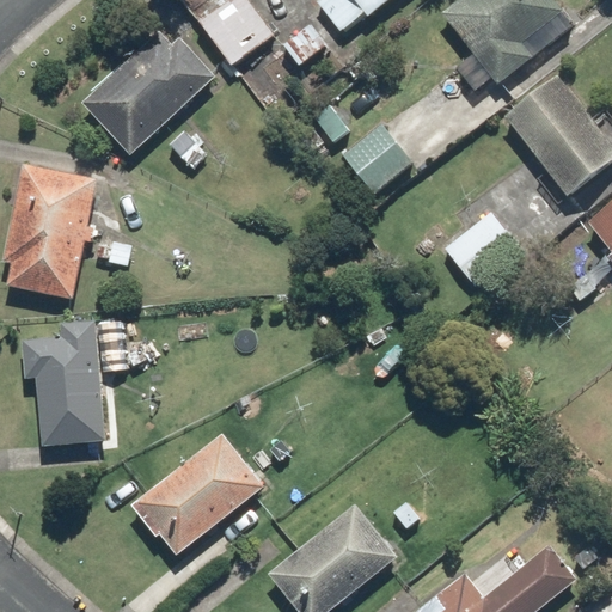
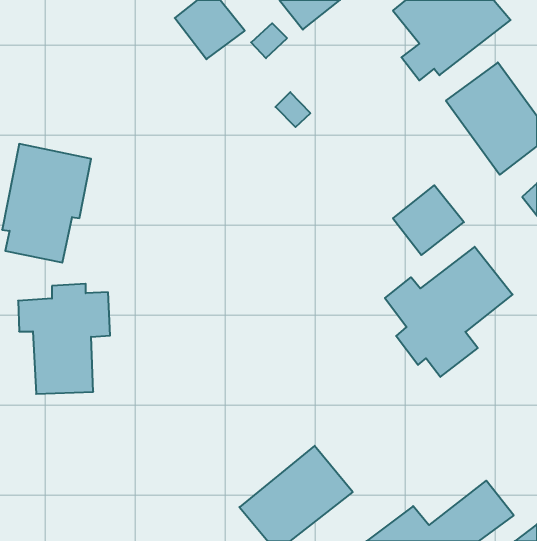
building: [80,29,215,154] -> none
building: [338,122,414,197] -> none
building: none -> [385,247,513,377]
building: [133,434,264,557] -> none

